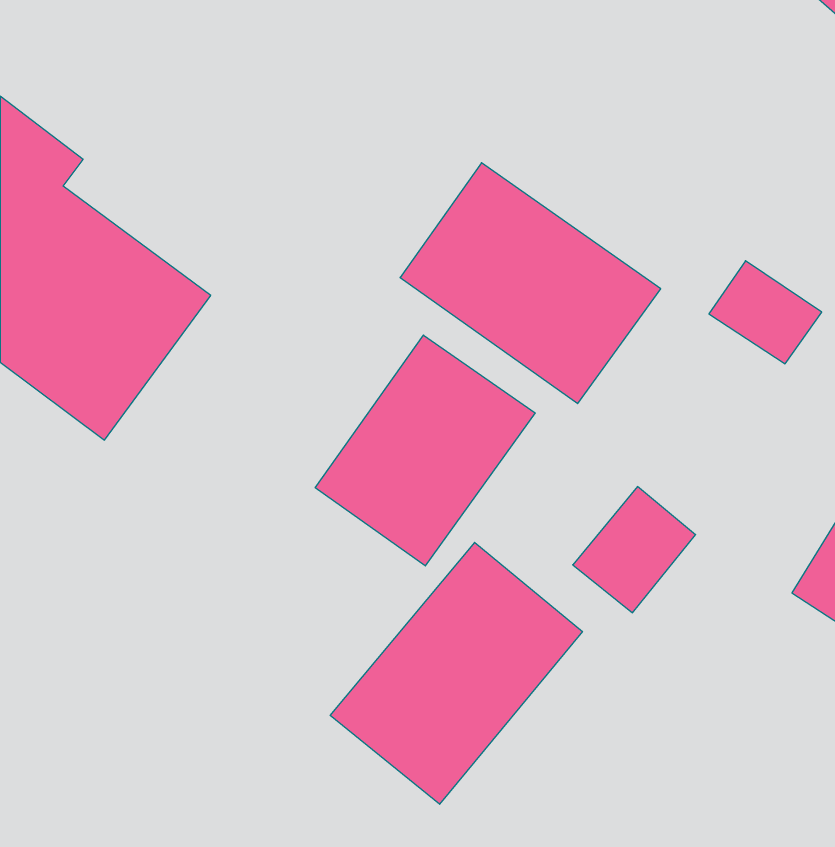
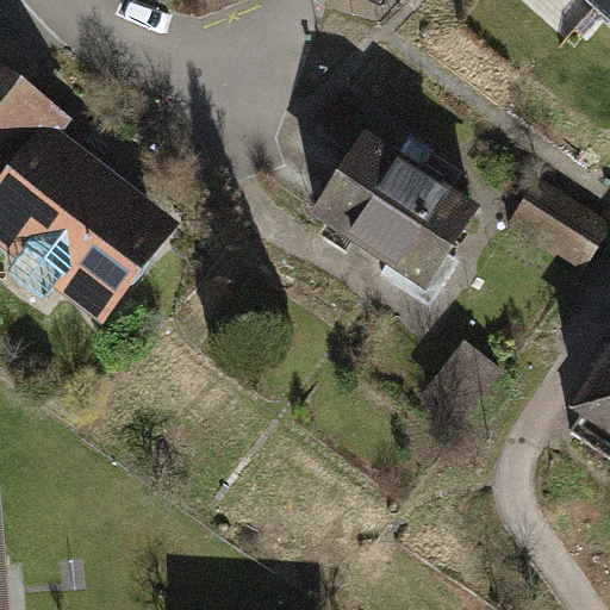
building: [315,335,535,566] -> none
building: [330,542,582,804] -> none

